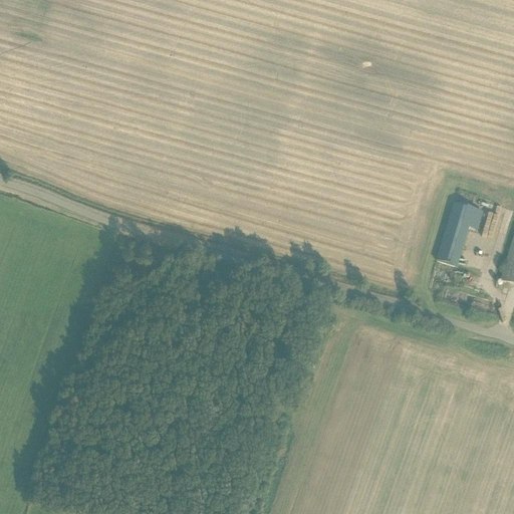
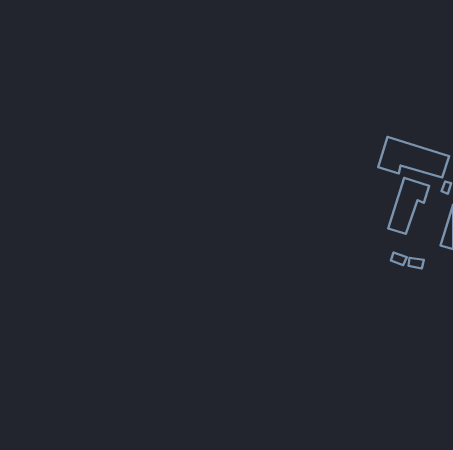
building: none -> [378,137,449,178]

